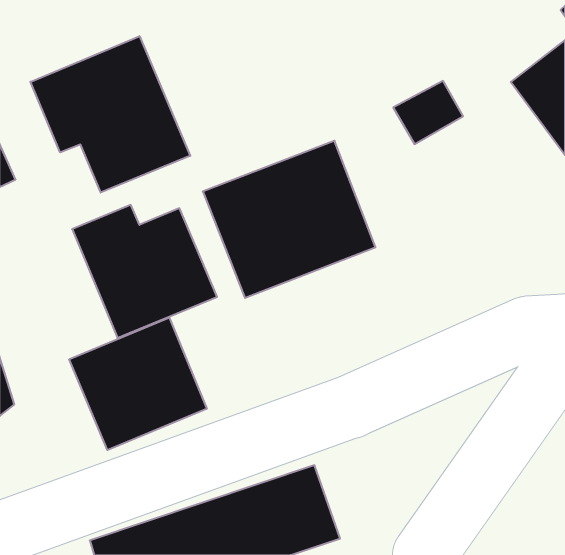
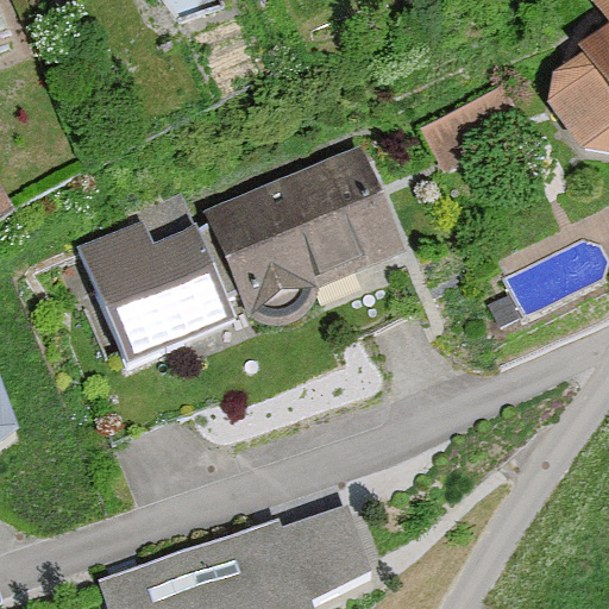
building: [30,36,190,193] -> none
building: [69,317,207,450] -> none

